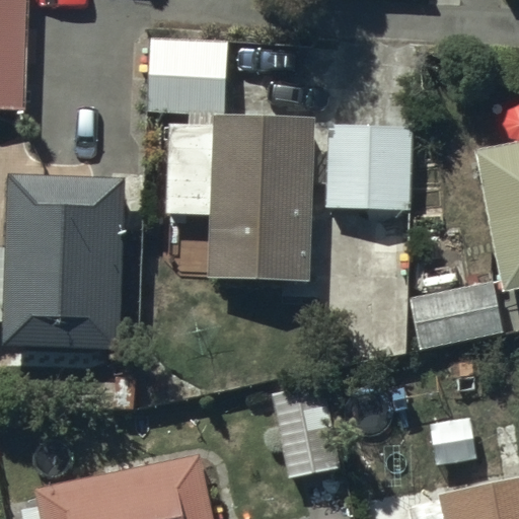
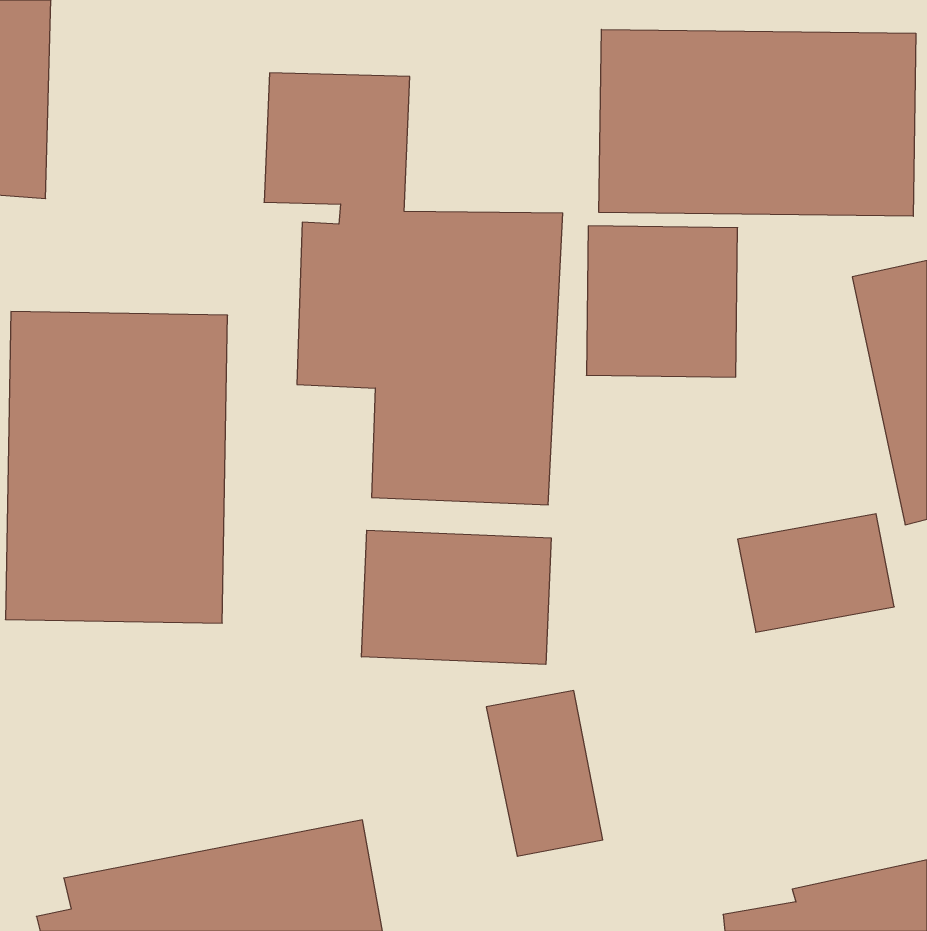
building: none -> [599,29,916,216]
building: none -> [362,530,551,664]

